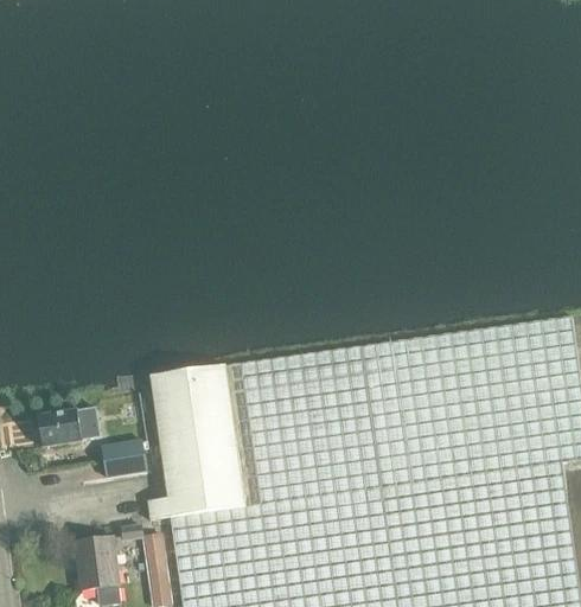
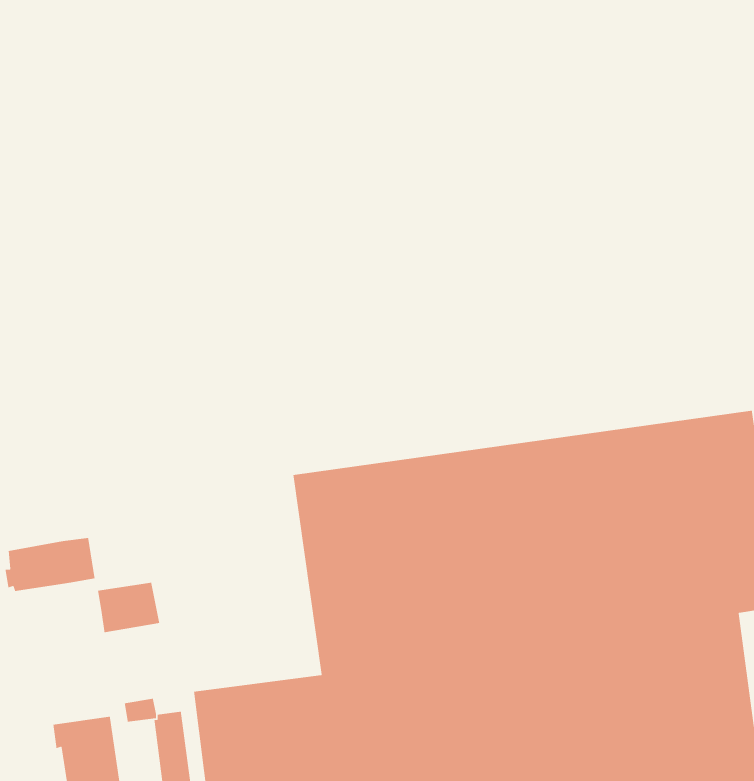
building: [148,364,263,522] -> none

